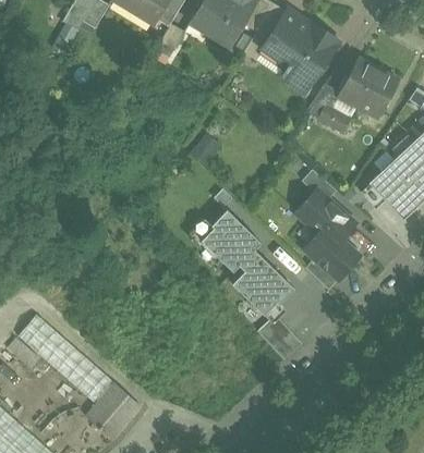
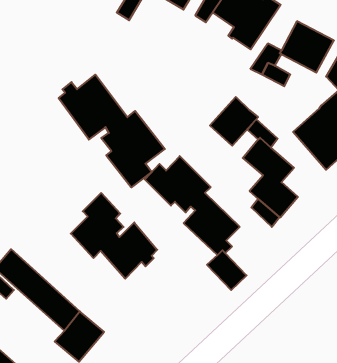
building: none -> [59,75,165,187]
building: none -> [210,97,258,146]
building: none -> [71,193,157,279]

